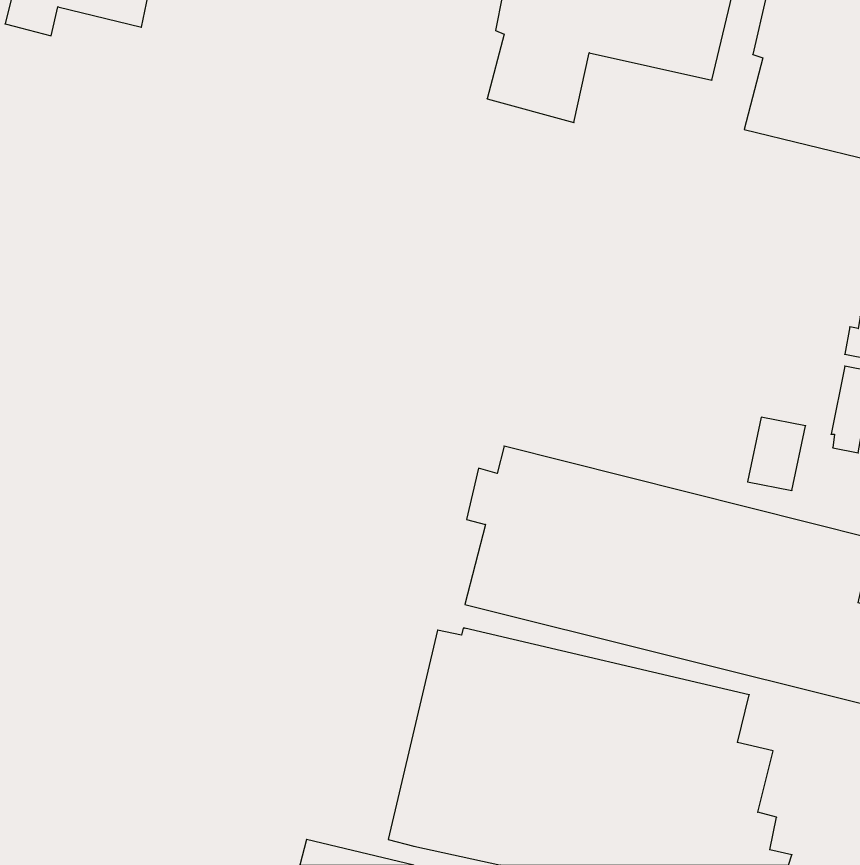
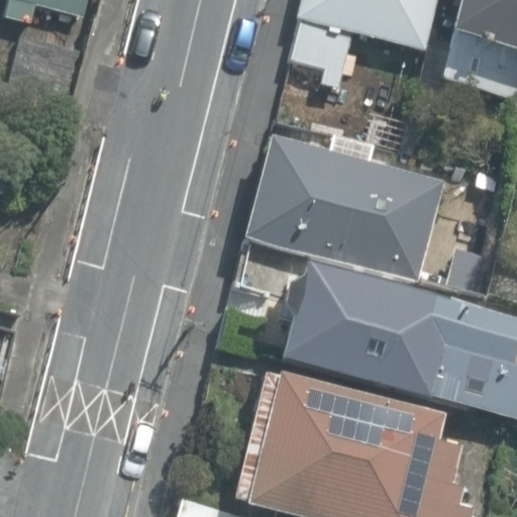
building: none -> [248,140,444,280]

